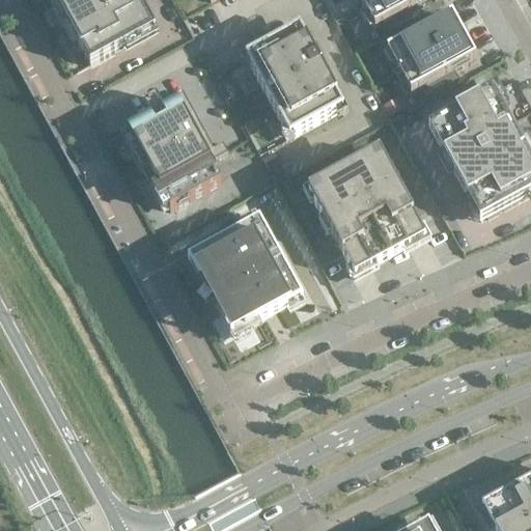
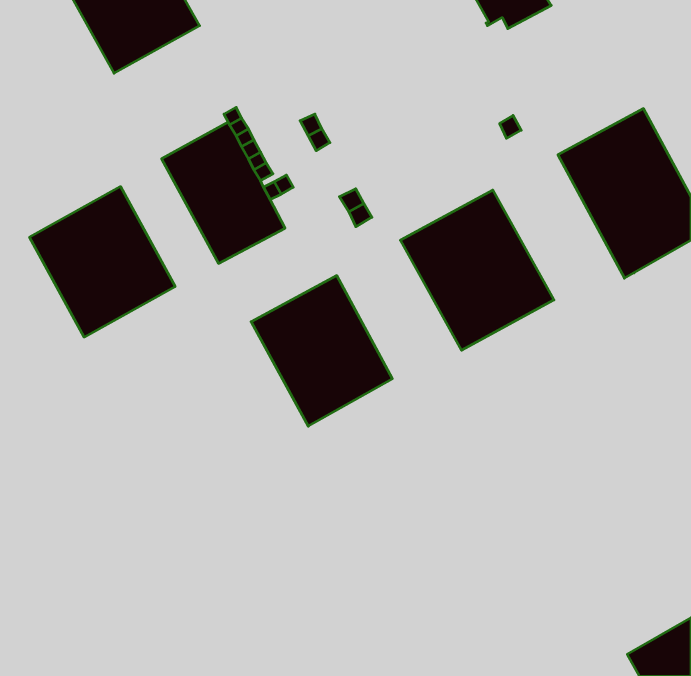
building: [385,6,473,86] -> none
building: [248,19,341,127] -> none
building: none -> [30,187,175,337]

